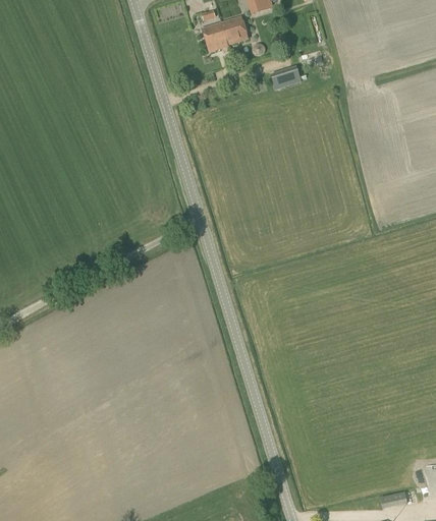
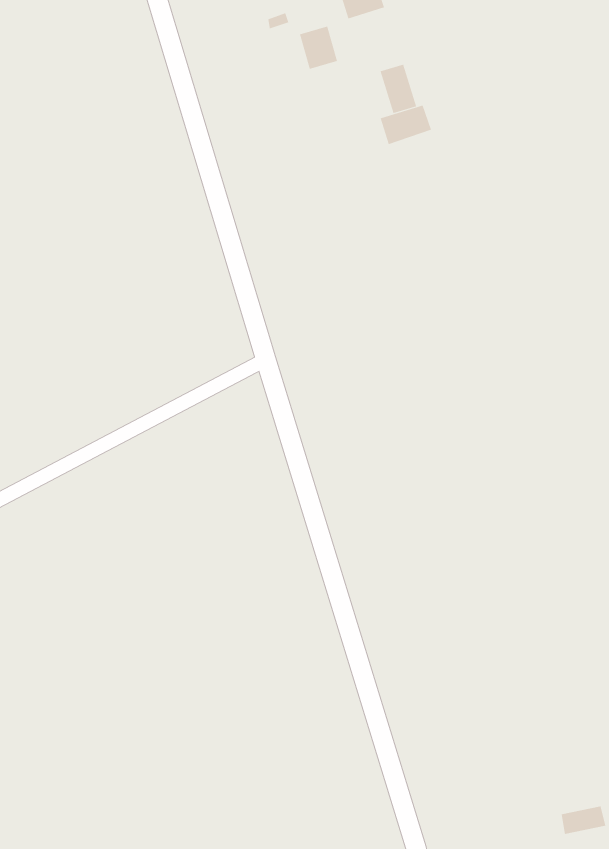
building: [203,21,229,51] -> none
building: none -> [380,64,417,114]

